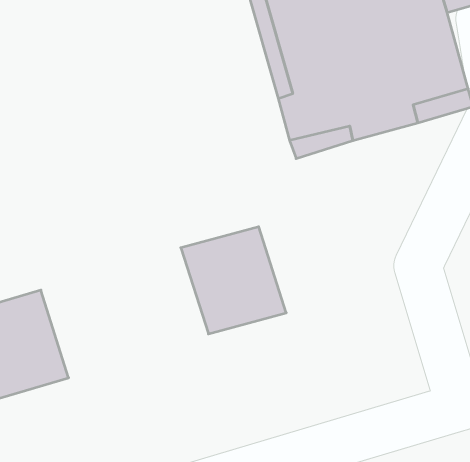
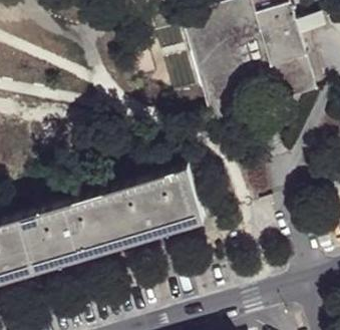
building: none -> [51,185,154,265]

